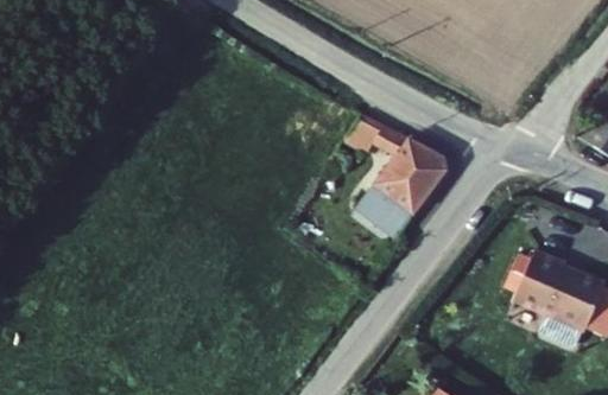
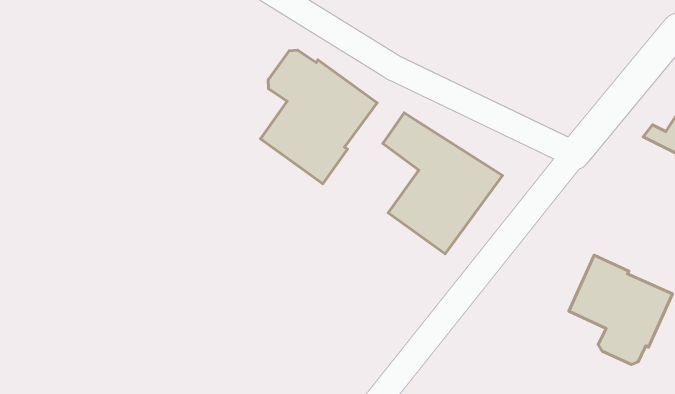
building: none -> [261,50,377,184]

